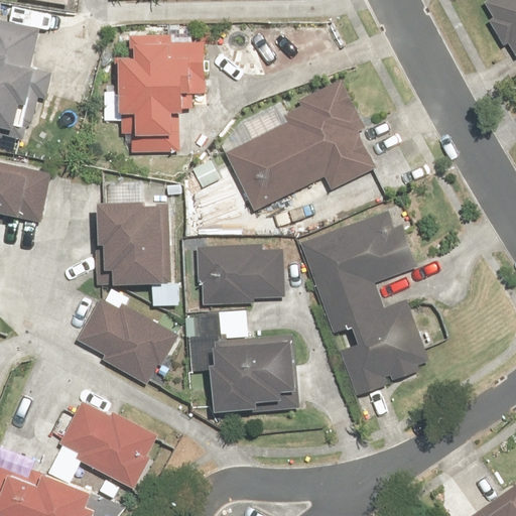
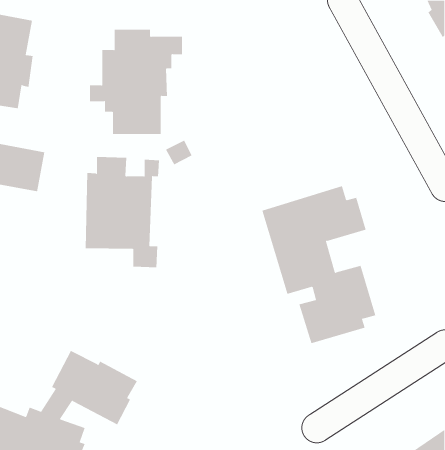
building: [226,79,376,210] -> none
building: [196,244,286,305] -> none
building: [77,297,179,385] -> none
building: [184,312,302,409] -> none

